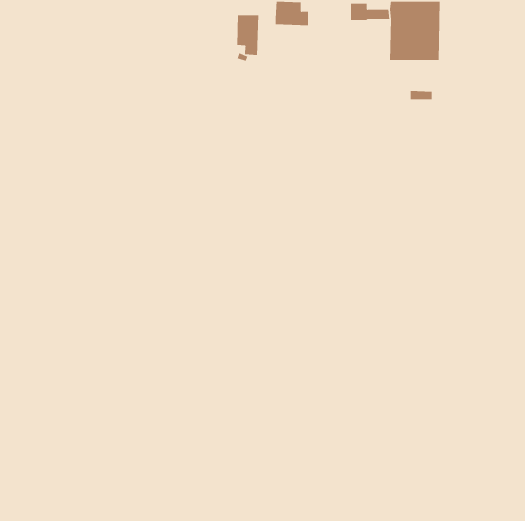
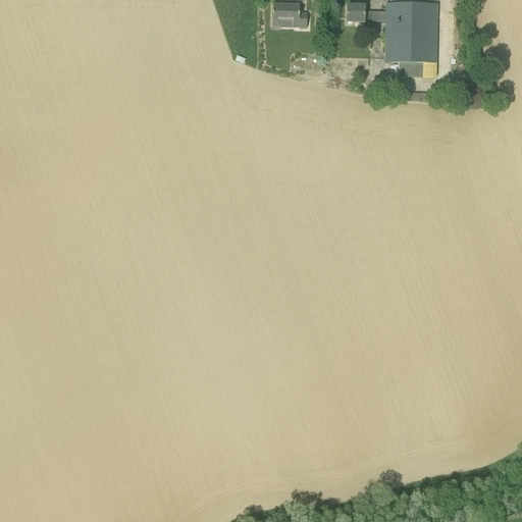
building: [237,14,259,56] -> none

